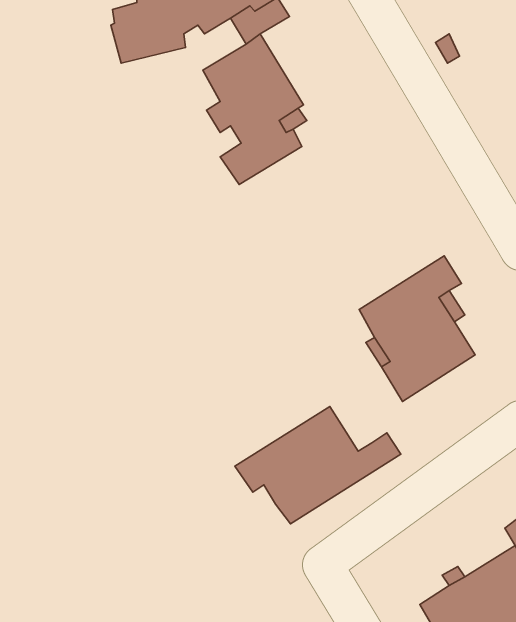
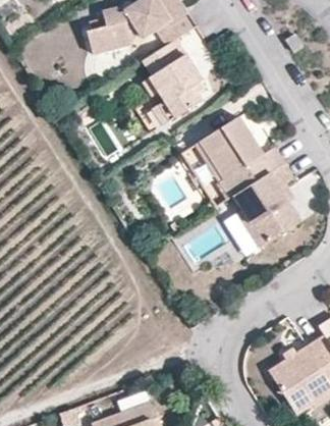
building: none -> [199,120,284,202]
building: [235,407,401,524] -> none

